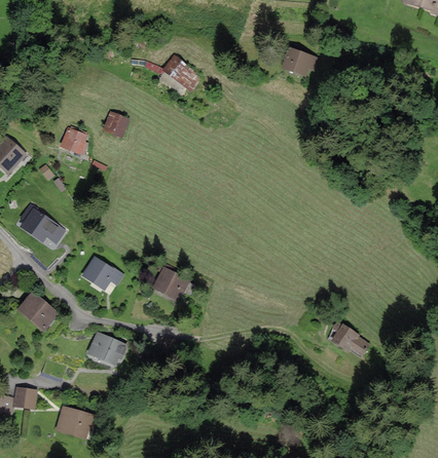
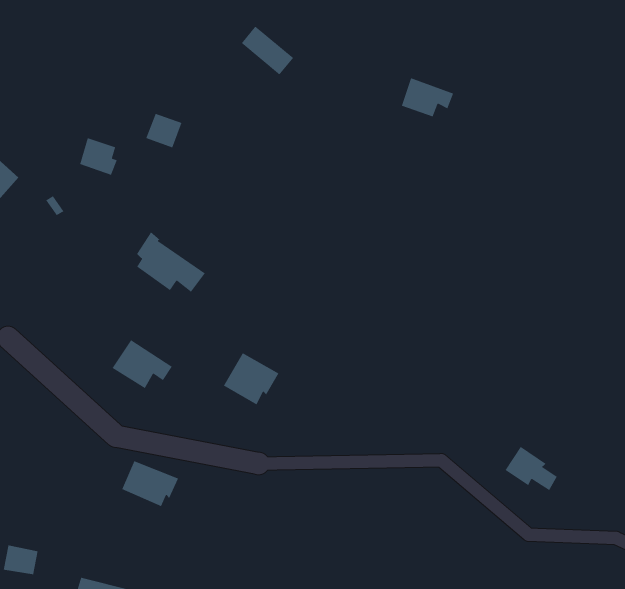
building: [283,48,317,74] -> [401,77,454,118]
building: [21,203,65,242] -> [136,231,206,293]
building: [19,293,57,330] -> none

